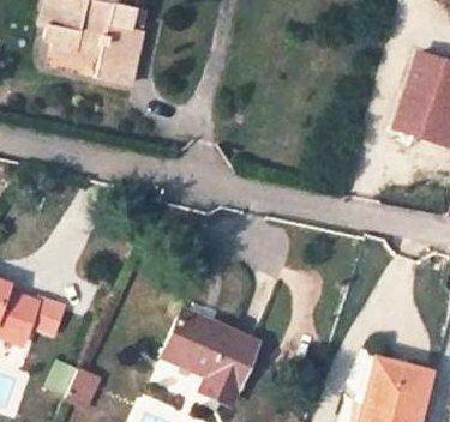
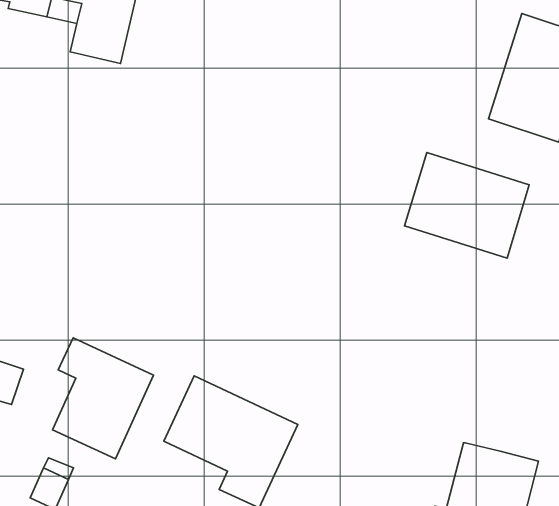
building: none -> [405,153,529,258]
building: none -> [53,338,154,459]

